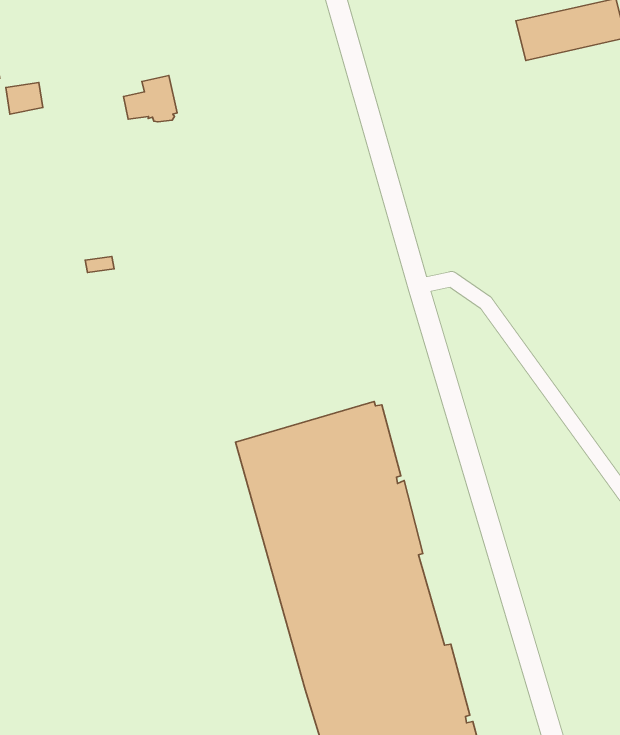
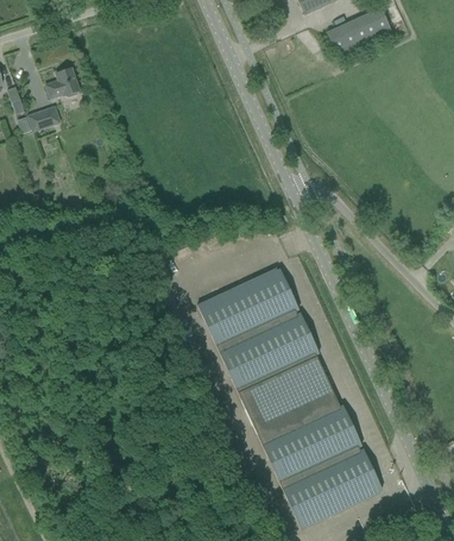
building: [124,76,177,122] -> [46,68,80,97]

